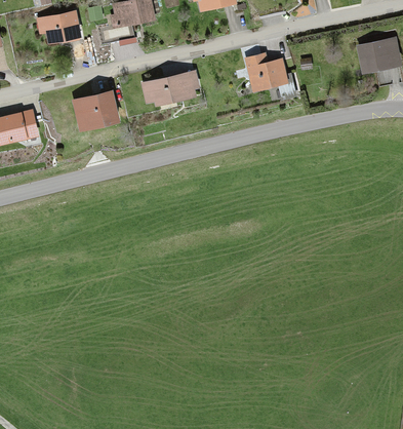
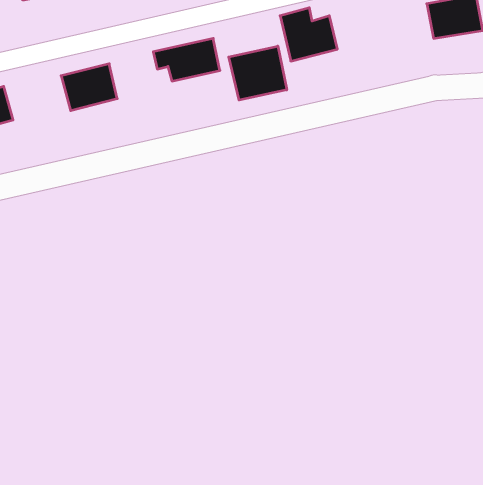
building: none -> [229,46,287,100]

